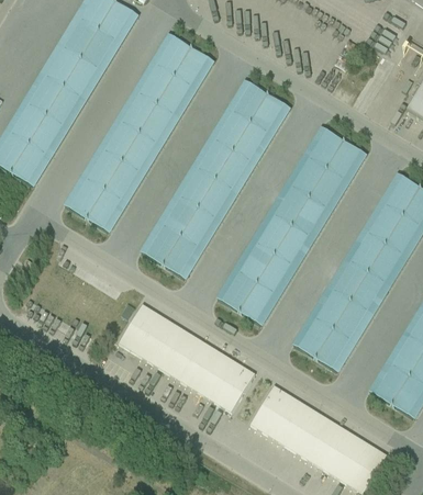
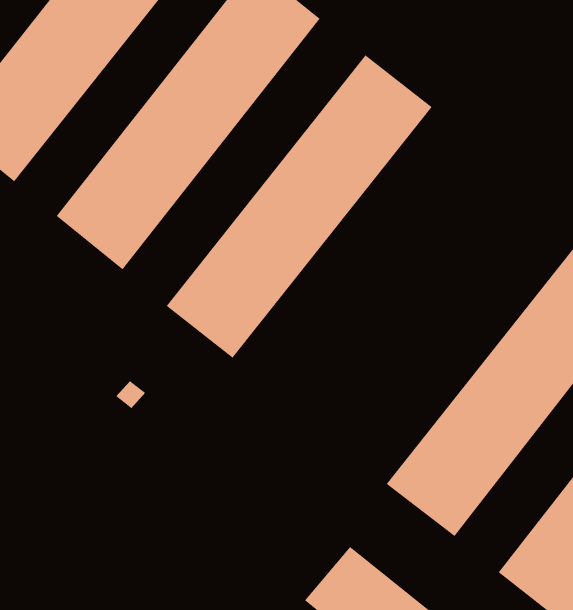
building: [216,125,367,326] -> none
building: [119,305,256,413] -> none

